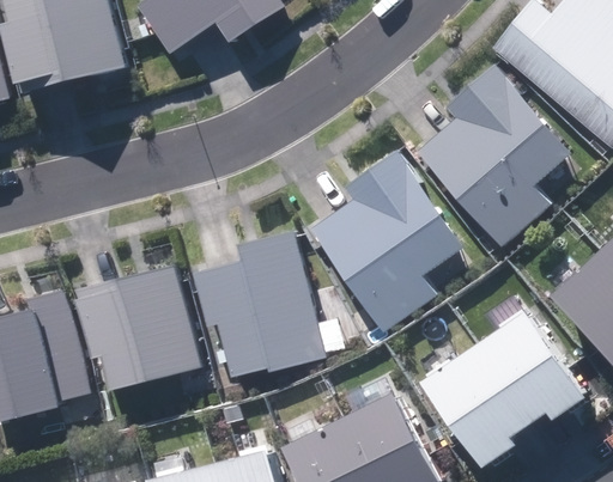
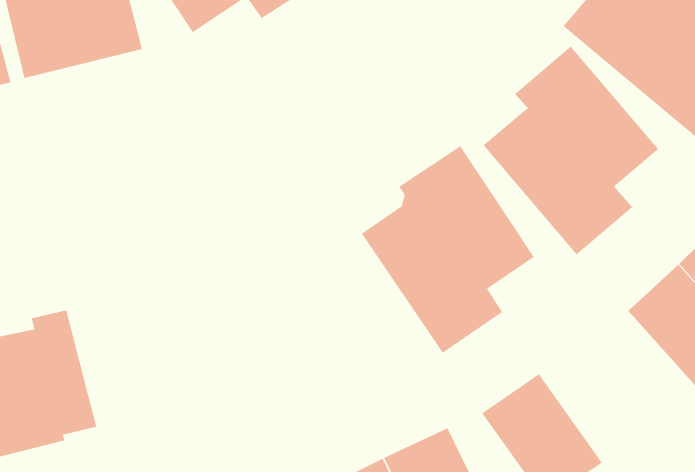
building: [195,231,327,377] -> none
building: [74,266,204,390] -> none
building: [469,312,581,426] -> none

